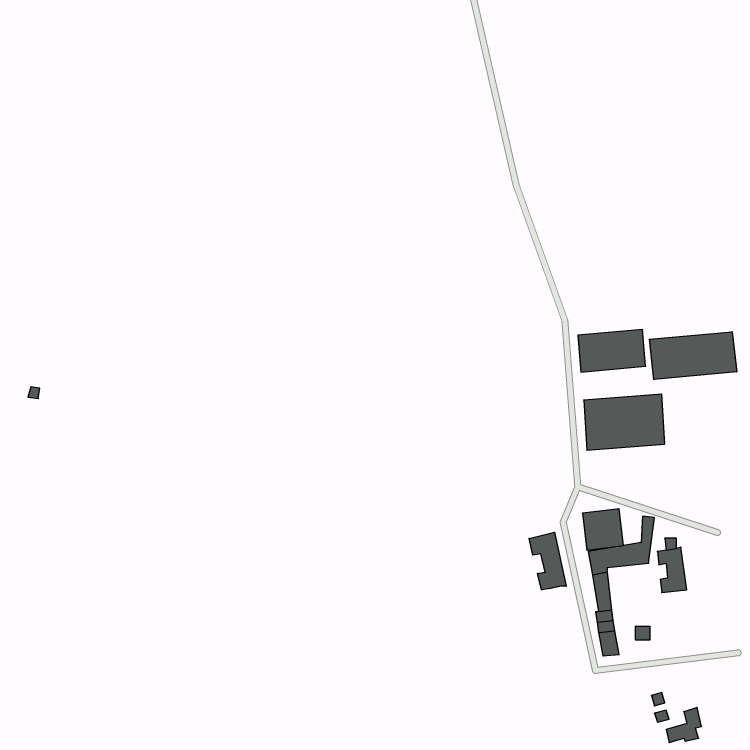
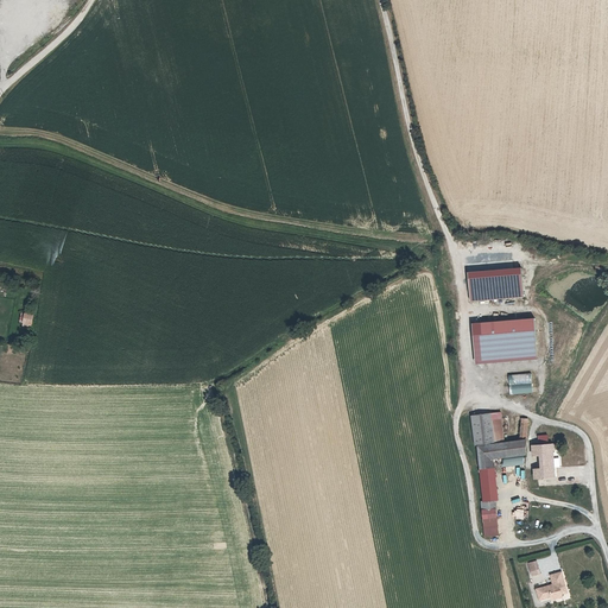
building: [649,332,737,380] -> none
building: [529,532,566,590] -> none

